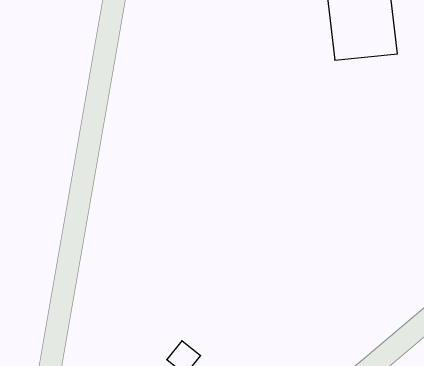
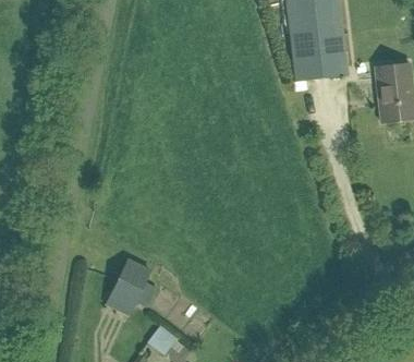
building: none -> [105,256,157,315]

